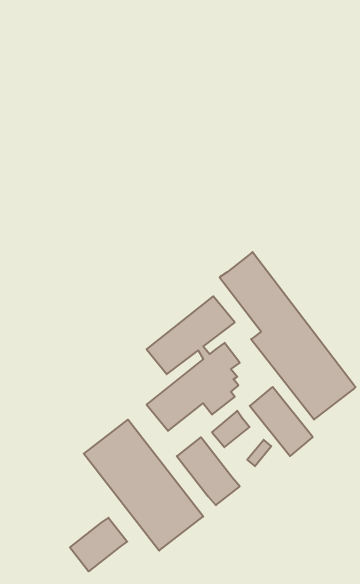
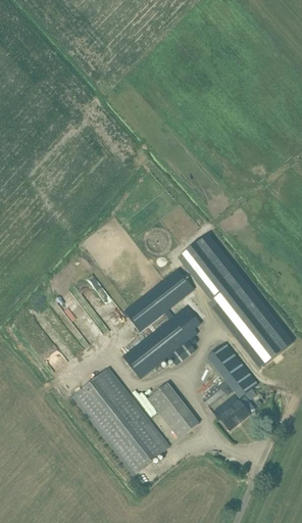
building: [212,411,250,447] -> [220,399,251,429]
building: [70,518,127,571] -> none

